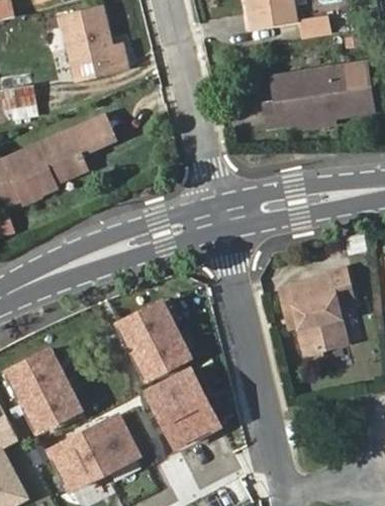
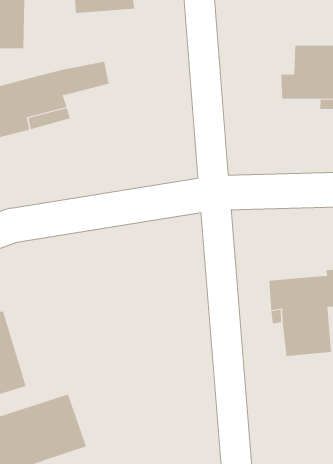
building: [117,299,194,383] -> none
building: [147,368,222,451] -> none

